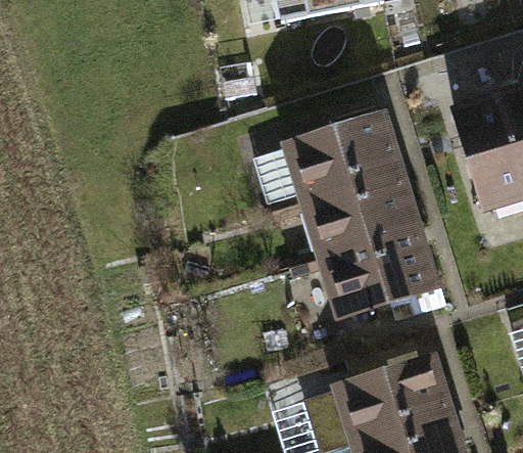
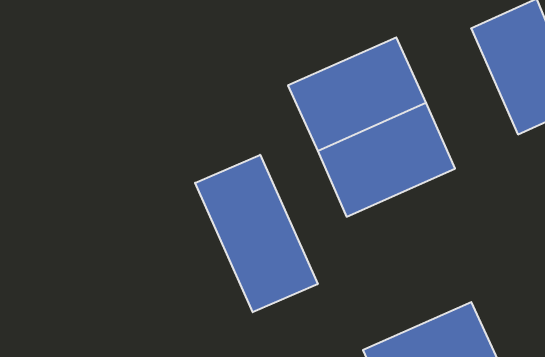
building: none -> [195,155,318,312]
building: [322,232,443,326] -> none

